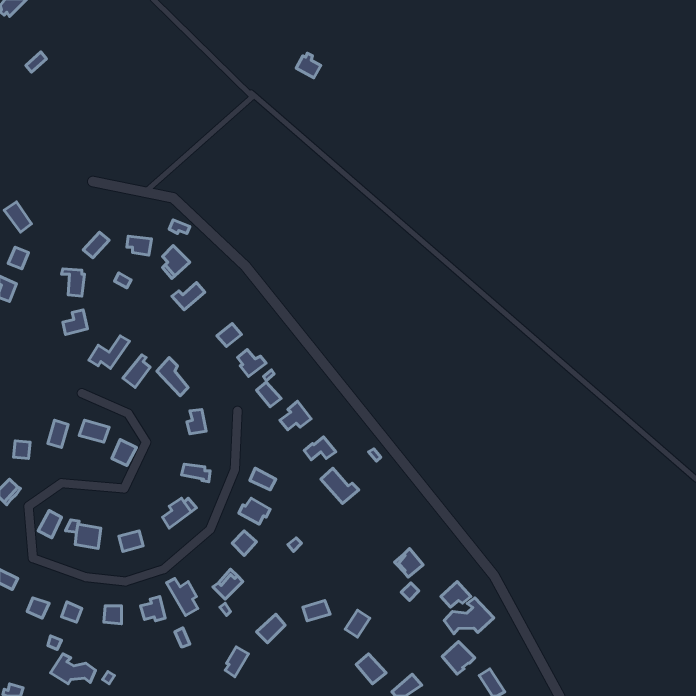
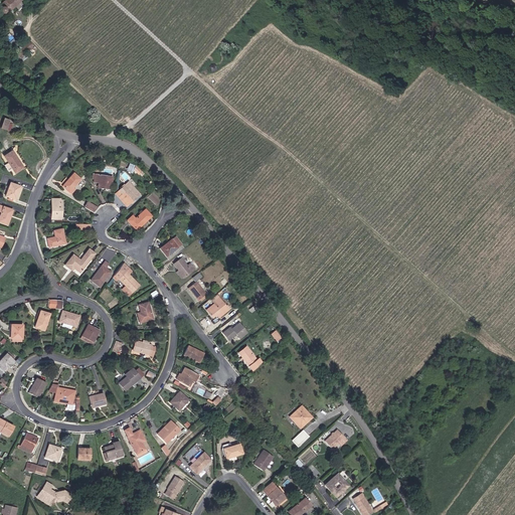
building: [444,598,494,634] -> none

